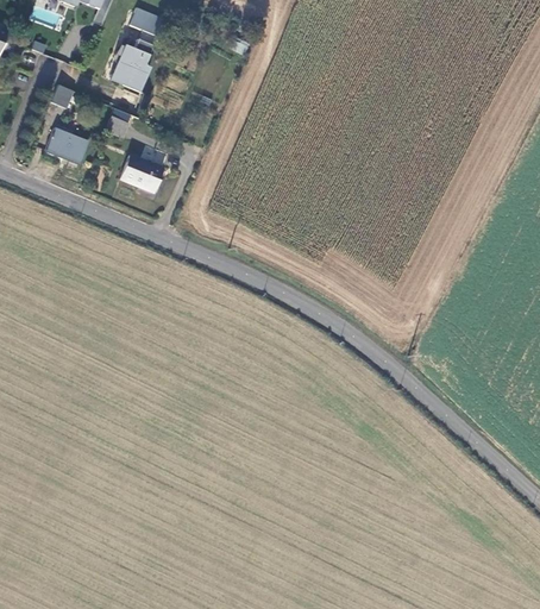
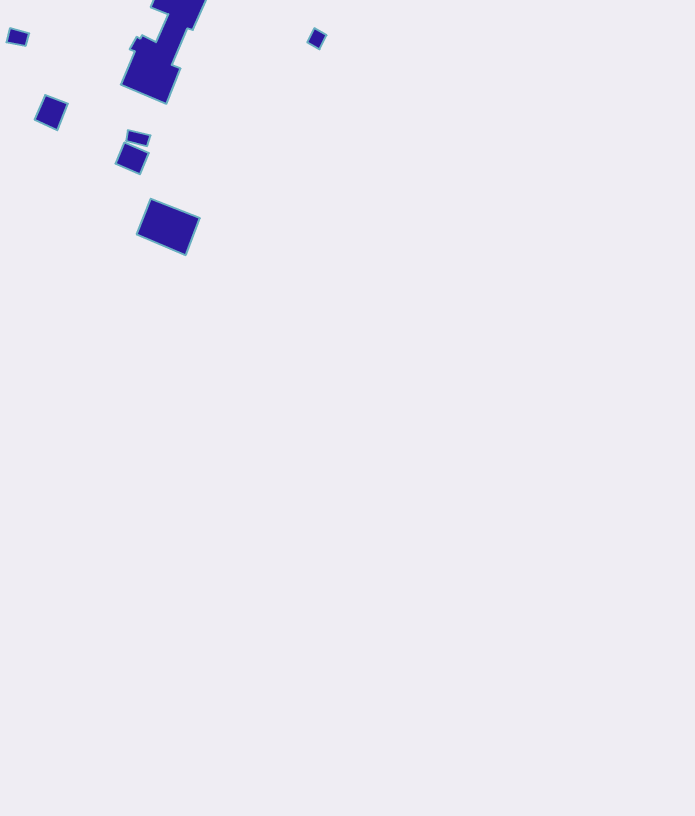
building: [45,127,89,163] -> none

